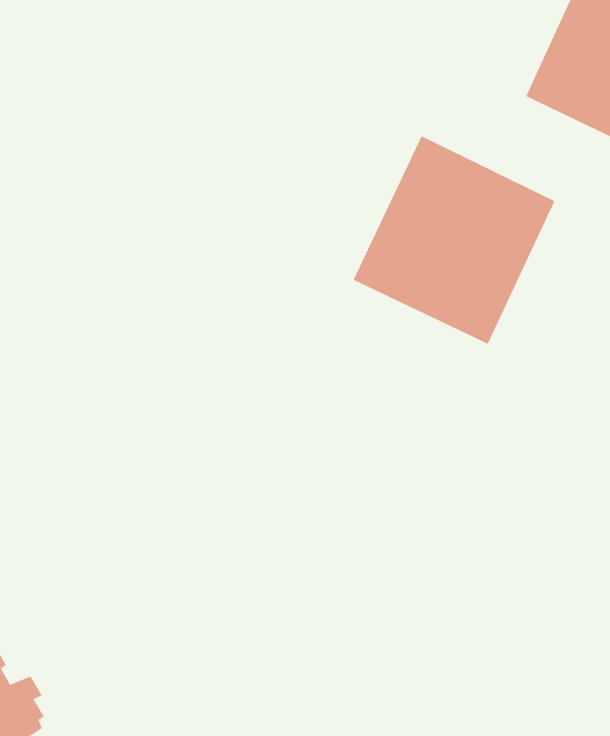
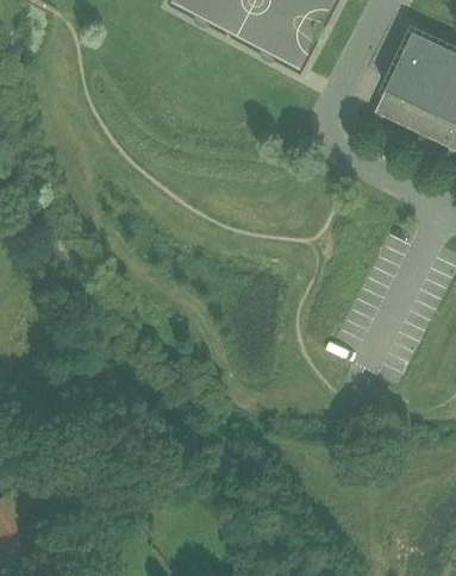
building: [352,135,555,345] -> none

